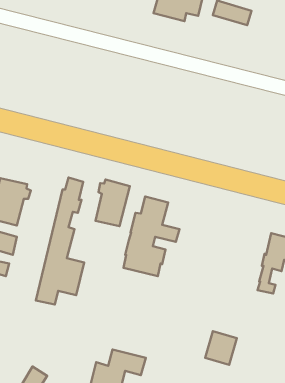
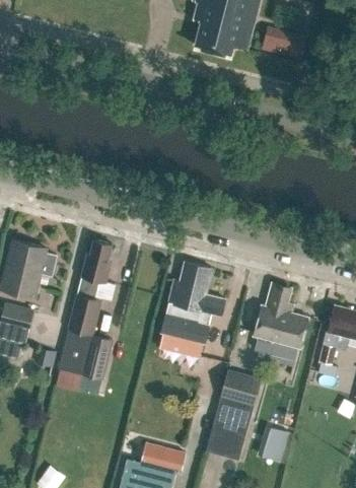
building: [95,179,130,226] -> none
building: none -> [255,283,307,360]
building: none -> [206,368,262,459]

